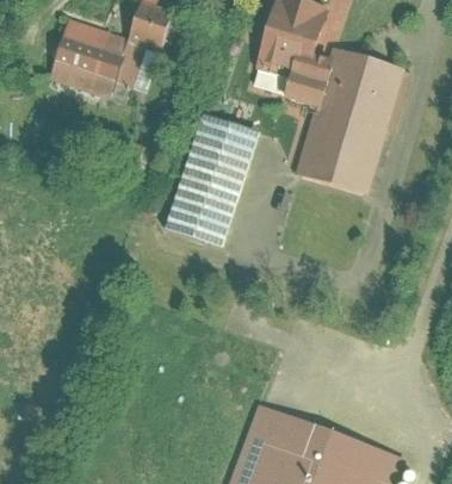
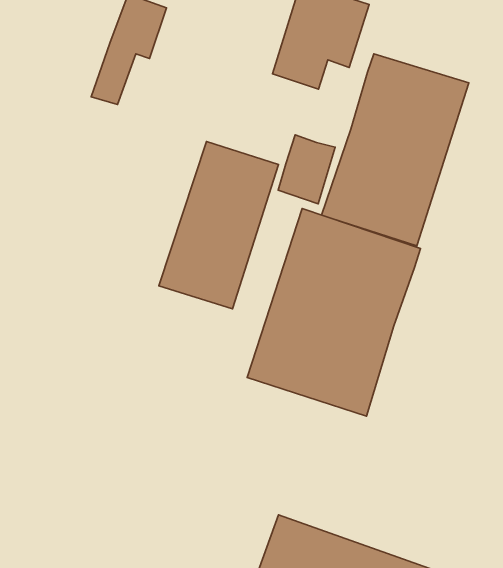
building: [49,19,128,99] -> none
building: [284,52,328,106] -> [278,135,335,204]
building: none -> [247,209,420,416]

